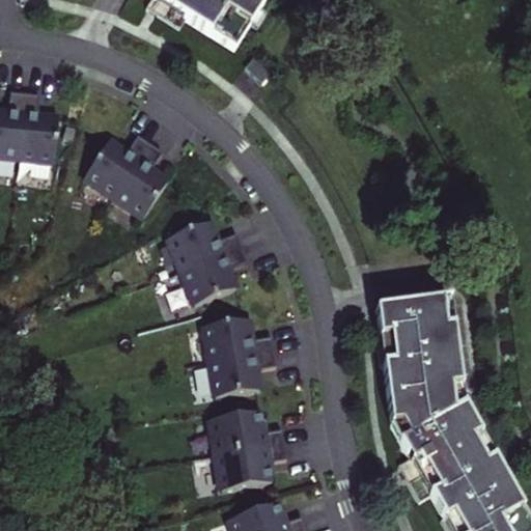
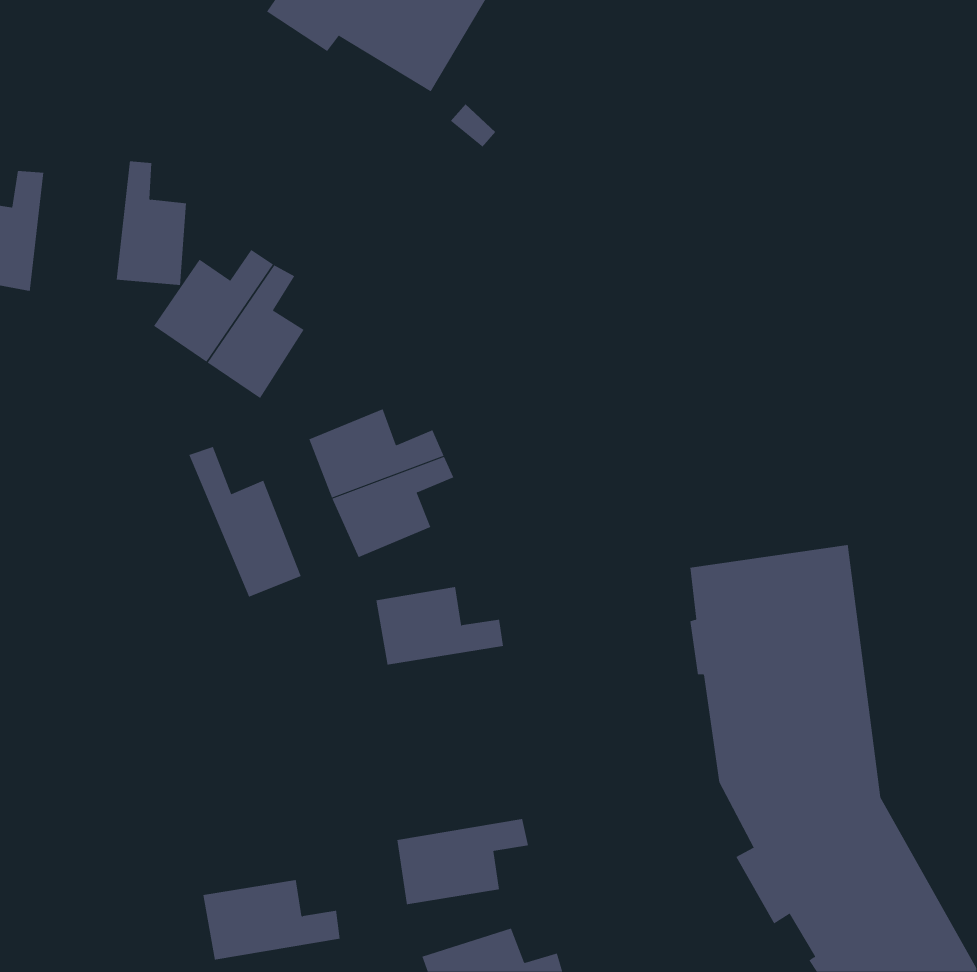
building: [17,93,55,161] -> [116,161,187,285]
building: none -> [189,446,302,598]
building: [209,350,276,394] -> none
building: [208,411,283,454] -> [203,880,341,960]

